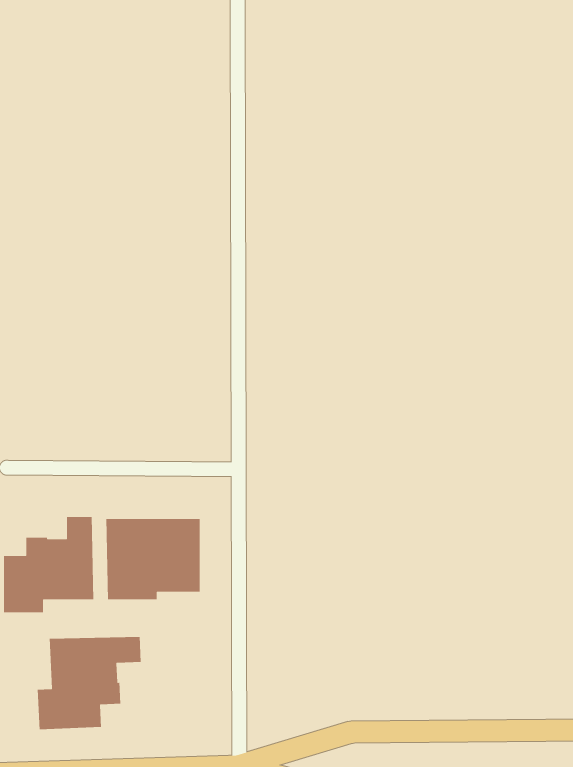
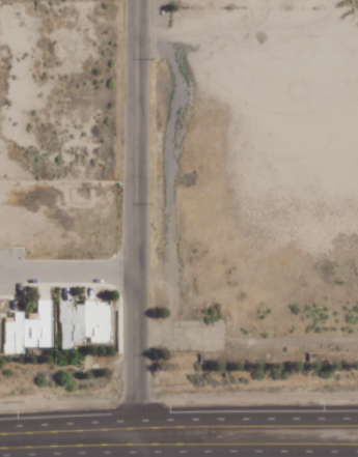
building: [37,636,142,730] -> none

